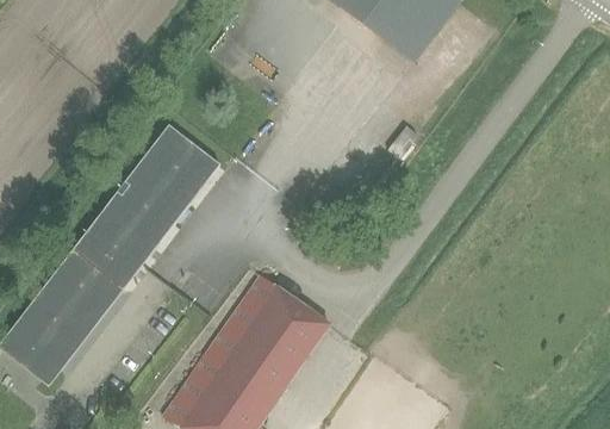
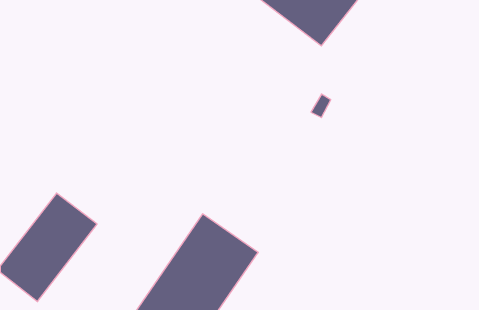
building: [74,123,222,287] -> none

